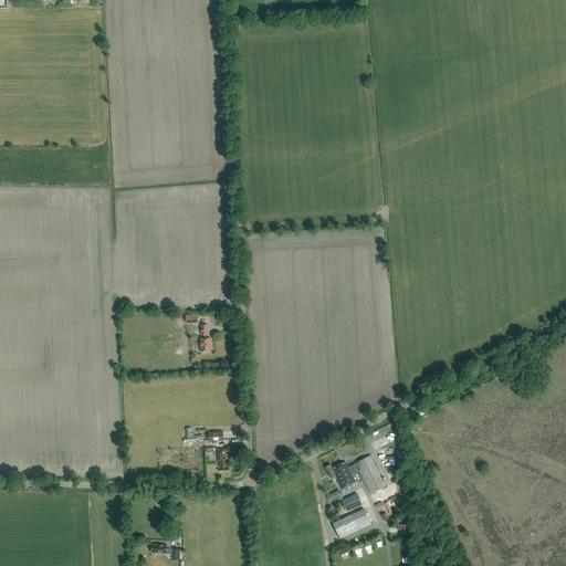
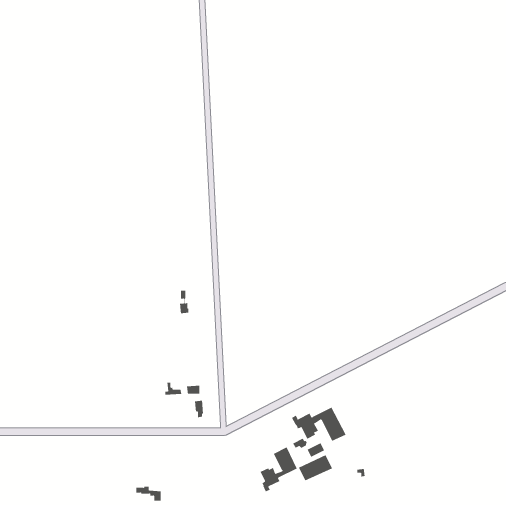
building: none -> [260,446,297,492]

